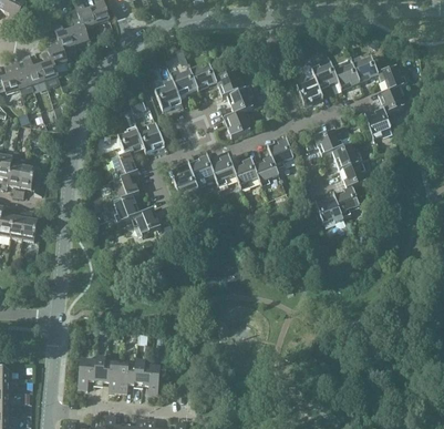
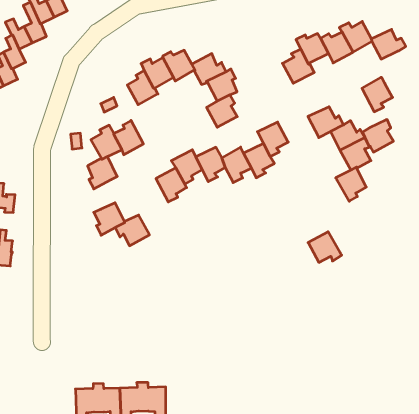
building: [379,85,405,113] -> [363,120,393,152]
building: [110,173,140,198] -> none
building: [316,195,344,222] -> [308,232,342,262]

